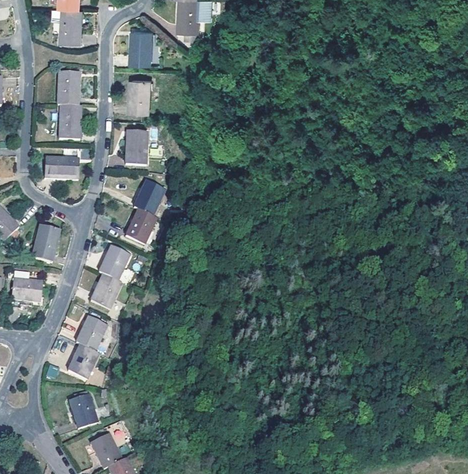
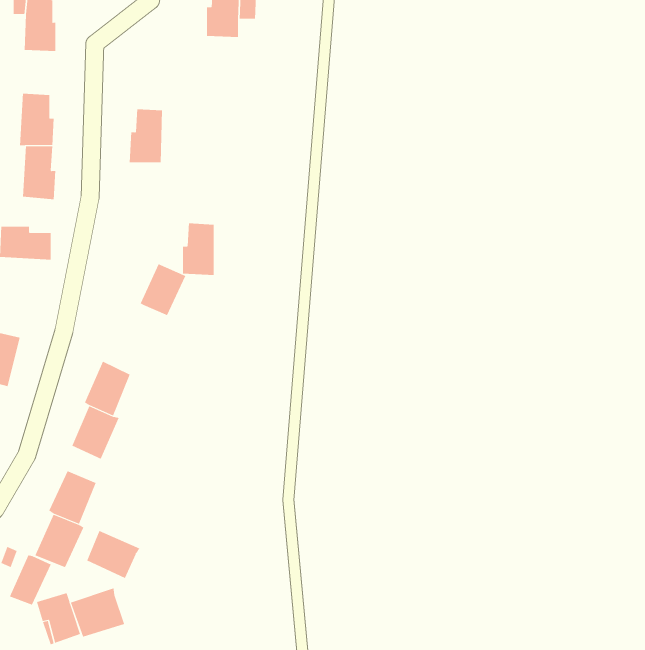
building: [130,31,152,66] -> none
building: [127,130,148,164] -> [182,223,215,275]
building: [125,207,156,241] -> none
building: none -> [86,530,140,579]
building: none -> [9,554,52,605]
building: none -> [70,588,125,638]

